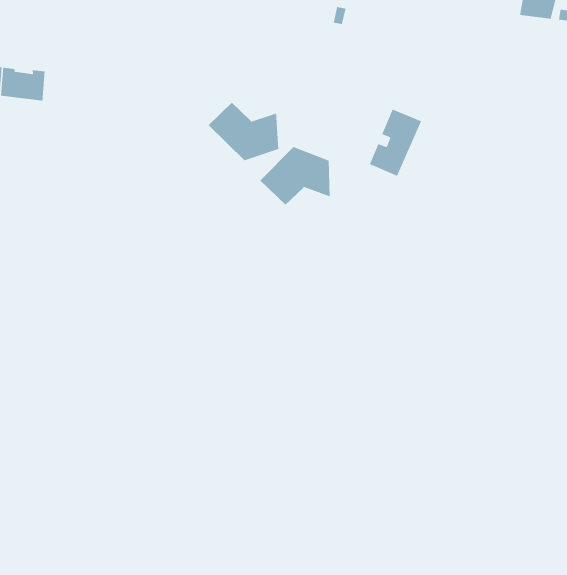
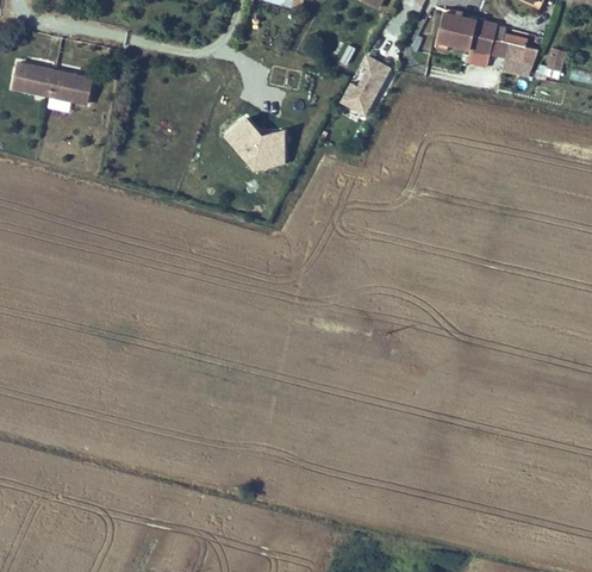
building: [369,109,422,177] -> [341,55,391,114]
building: [260,146,330,205] -> none

